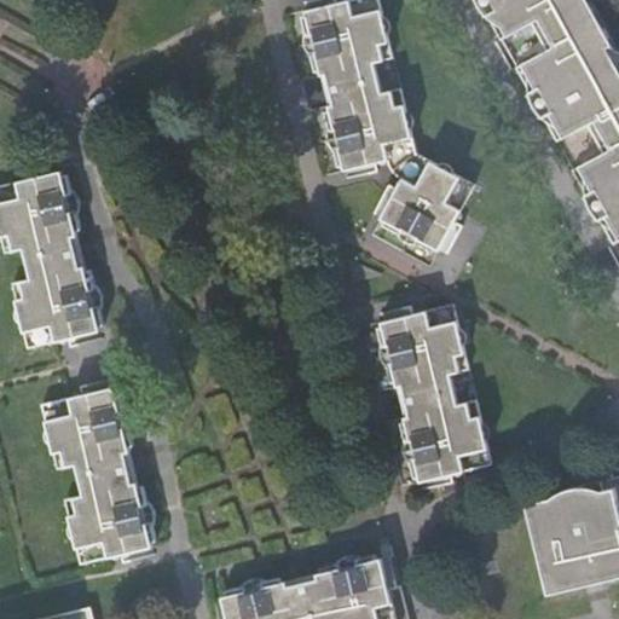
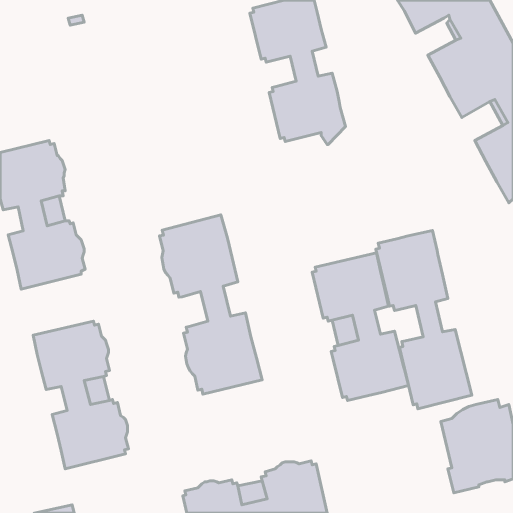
building: [381,152,474,251] -> none
building: none -> [159,215,262,394]
building: none -> [376,231,472,409]

